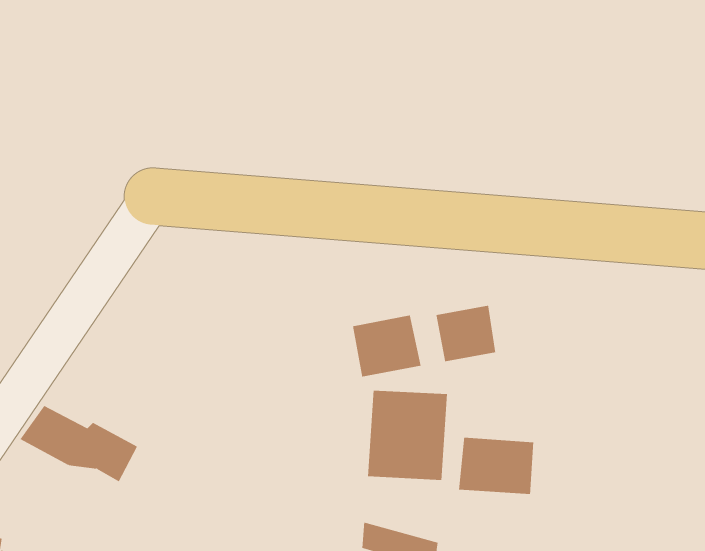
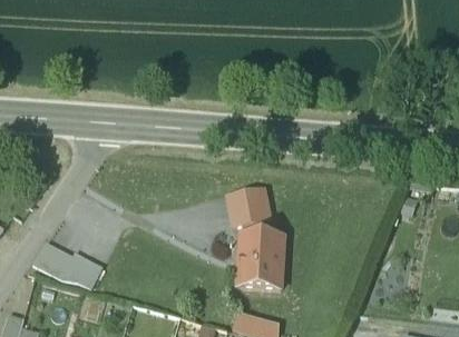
building: [436,305,496,362] -> none
building: [458,437,534,495] -> none

